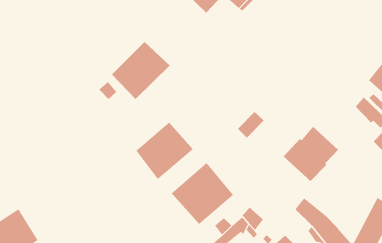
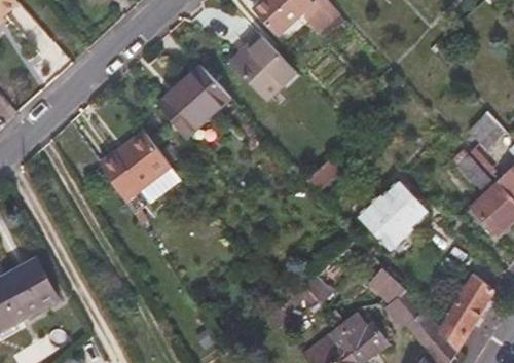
building: none -> [229,33,293,98]
building: [135,122,194,180] -> [99,129,170,198]
building: [171,162,234,225] -> none

